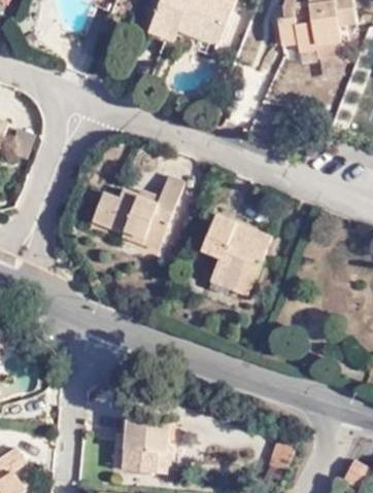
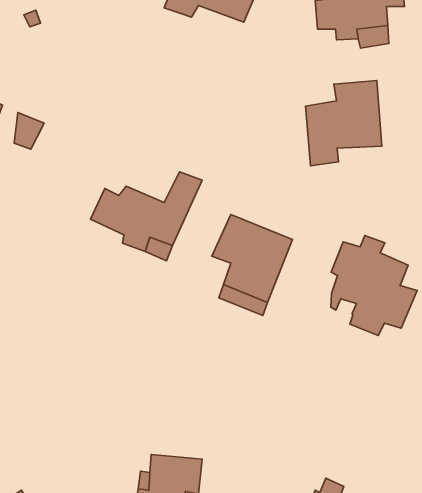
building: none -> [305,80,382,166]
building: none -> [331,236,417,335]

